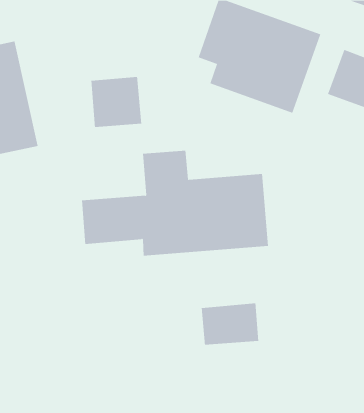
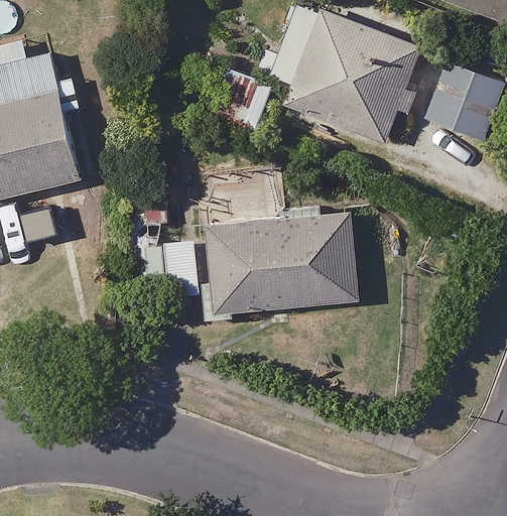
building: [91,76,142,128] -> none
building: [201,303,259,346] -> none

